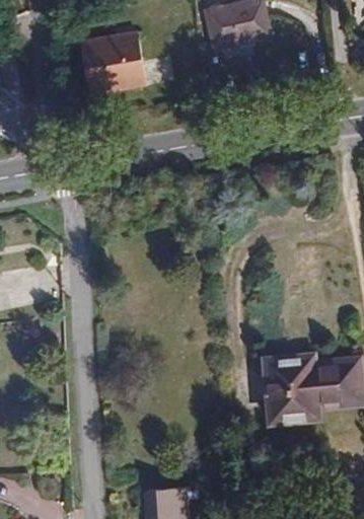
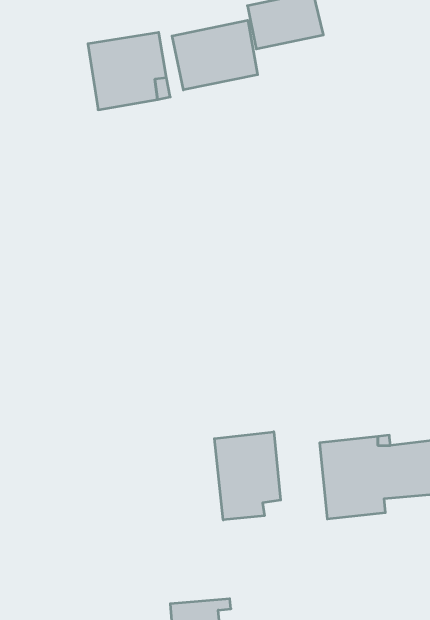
building: none -> [172,20,258,90]
building: none -> [214,432,281,520]

